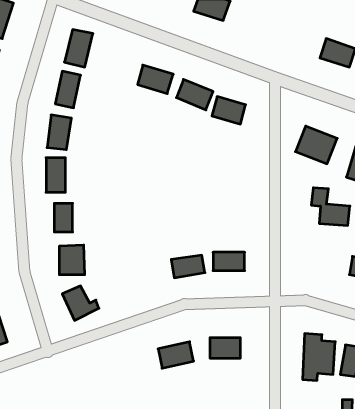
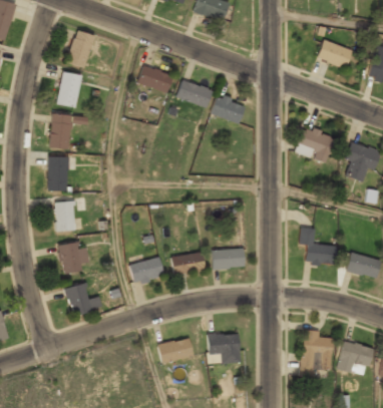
building: [311,188,350,225] -> [299,228,337,265]
building: none -> [129,257,164,284]

